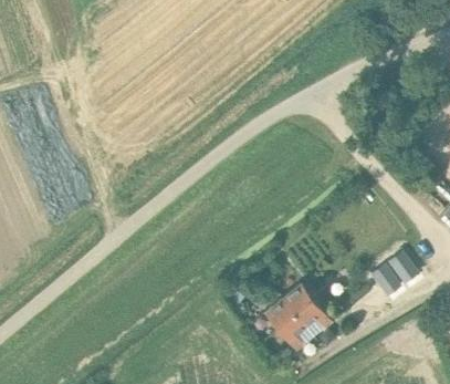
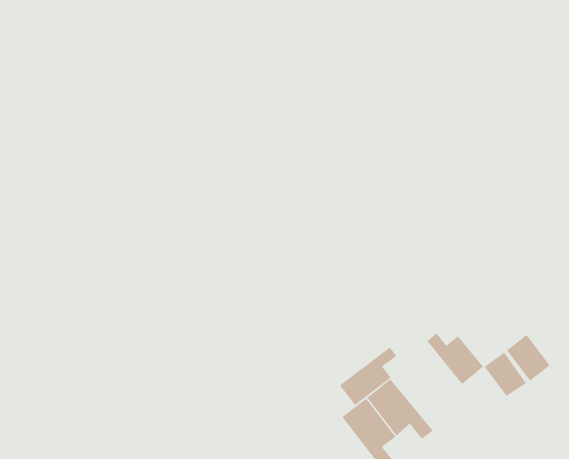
building: none -> [426,332,484,385]
building: none -> [339,346,397,406]

